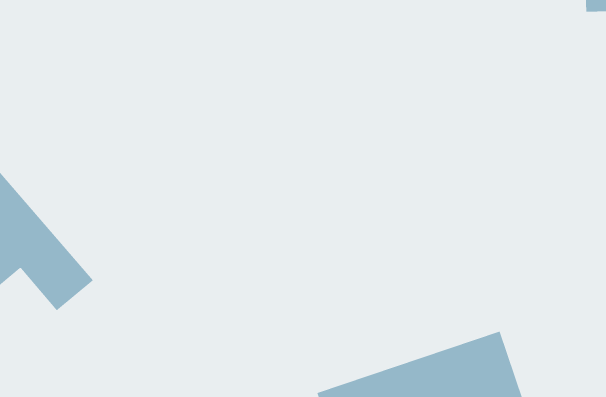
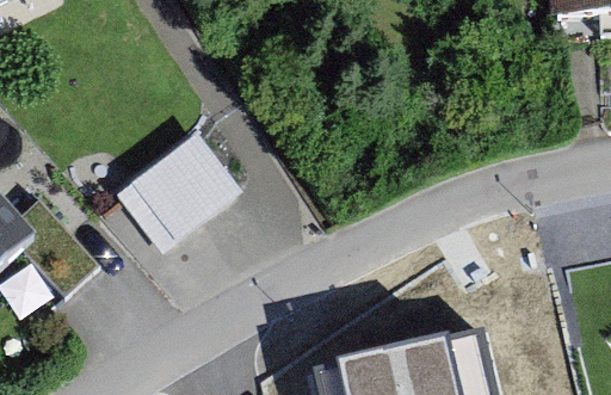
building: none -> [101,143,226,260]

